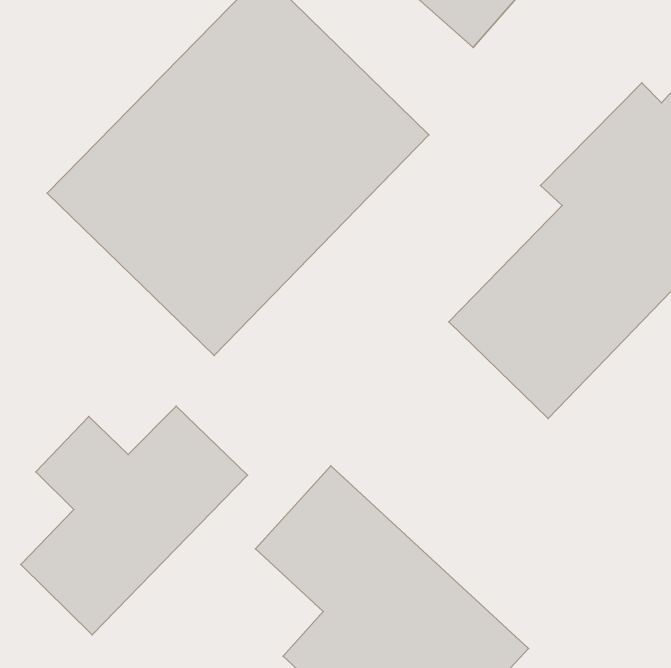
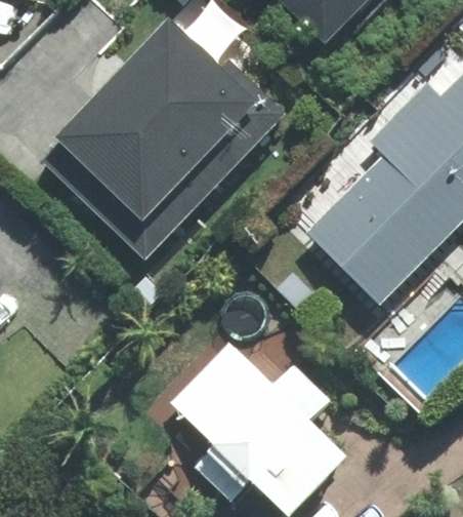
building: [21,406,247,635] -> none

